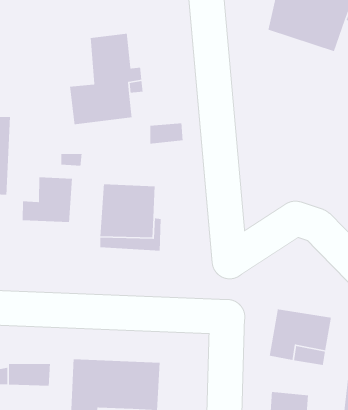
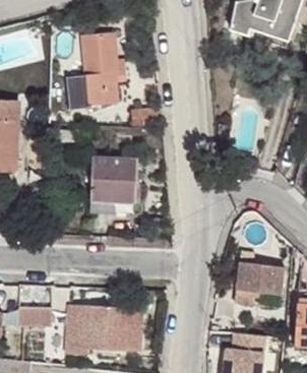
building: [22,177,73,223] -> none

